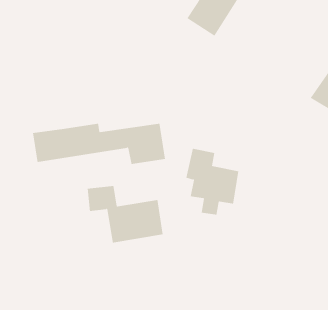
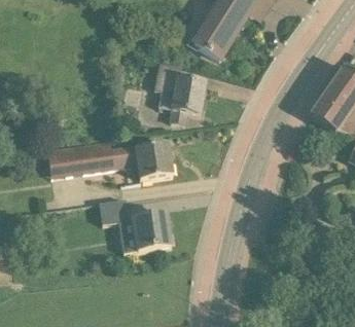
building: [186,148,239,215] -> [153,62,204,124]

